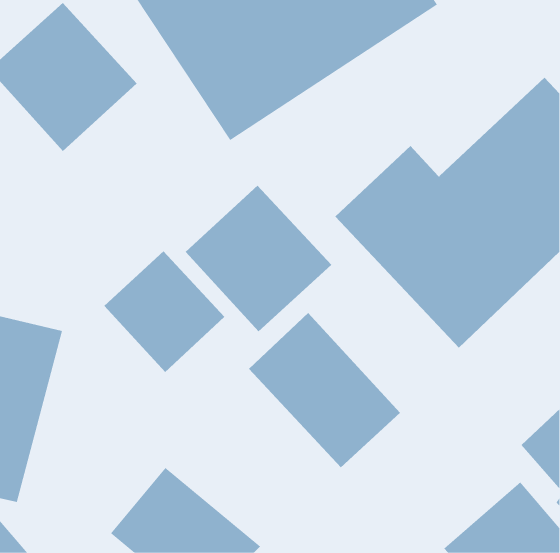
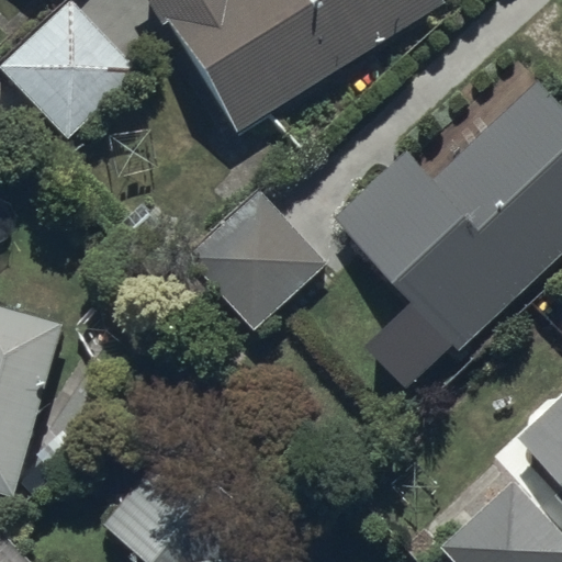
building: [104,251,225,373] -> none
building: [248,312,401,468] -> none

